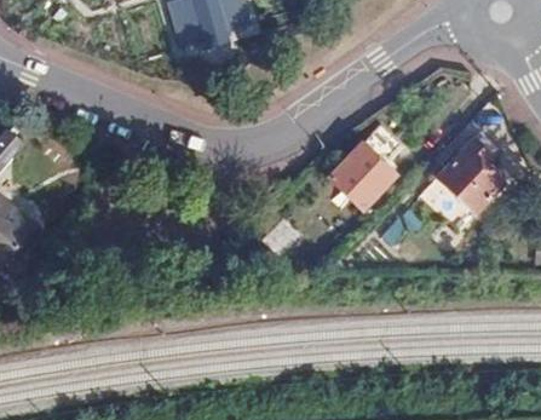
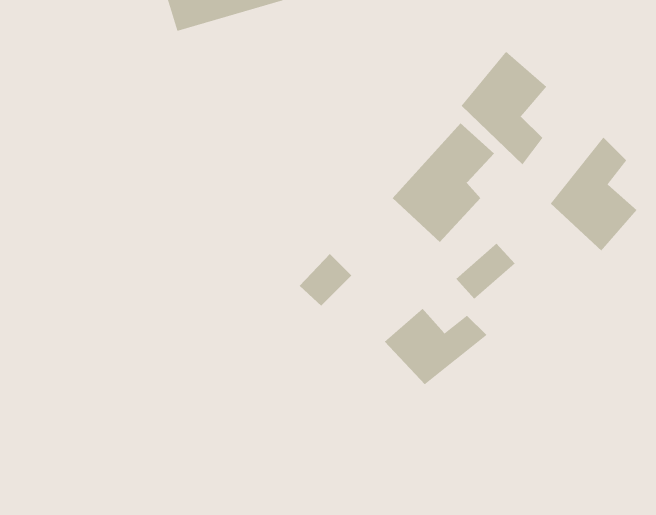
building: none -> [461,51,547,165]
building: none -> [384,308,488,385]

